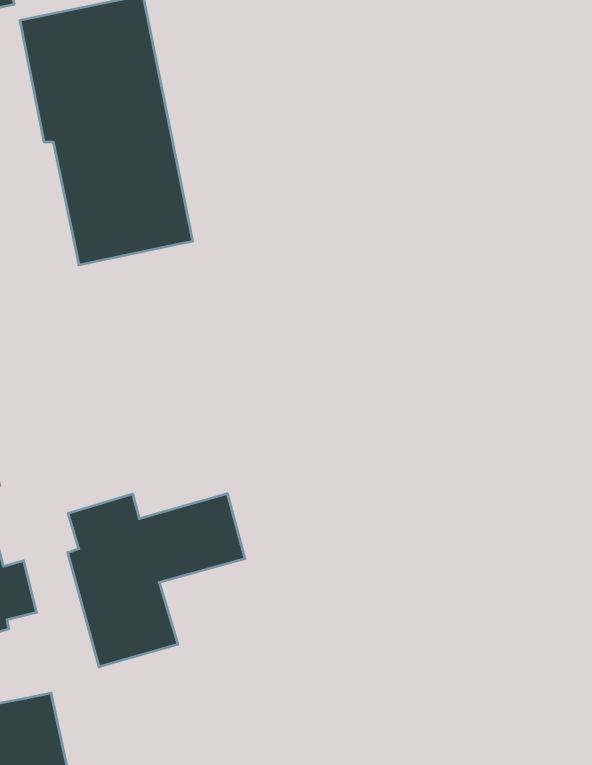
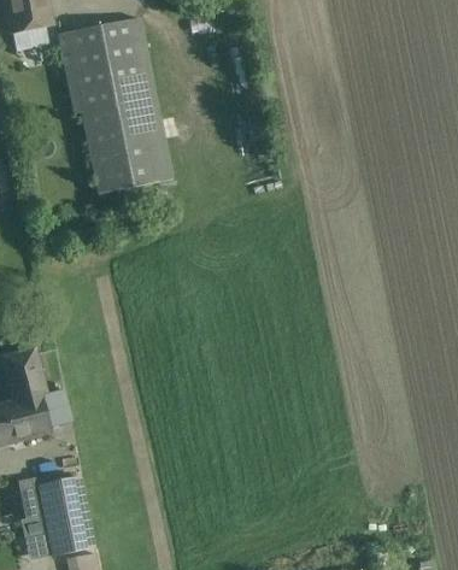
building: [68,494,245,667] -> none

